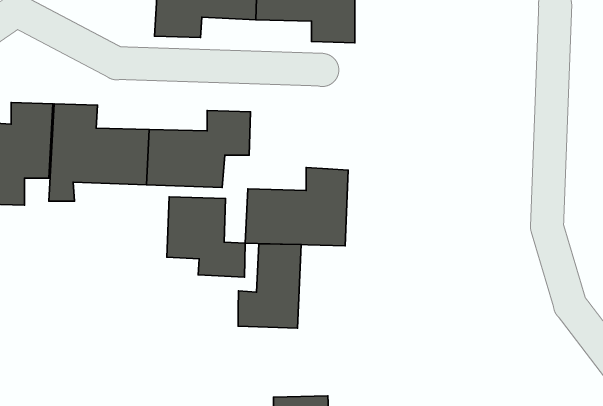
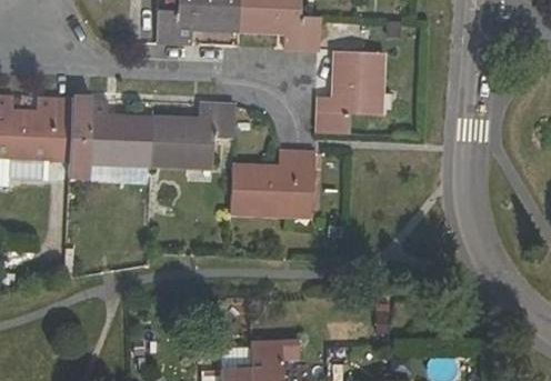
building: none -> [315,51,381,134]
building: [167,197,245,277] -> none
building: [238,244,301,328] -> none

